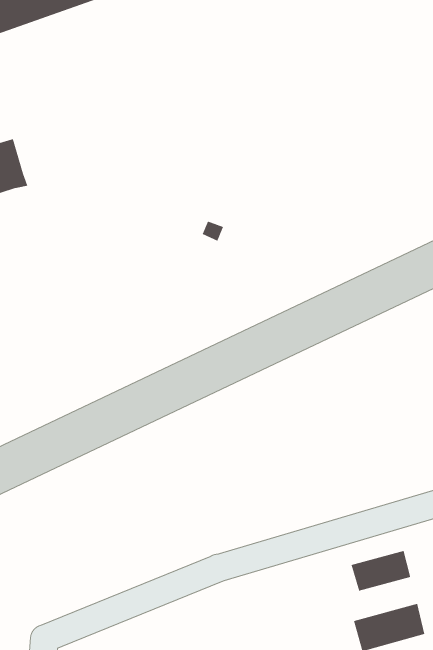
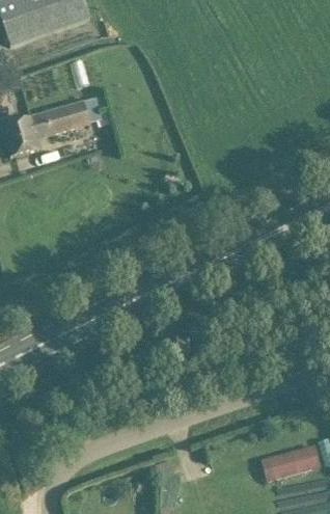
building: none -> [48,99,101,135]
building: [351,550,411,591] -> none

